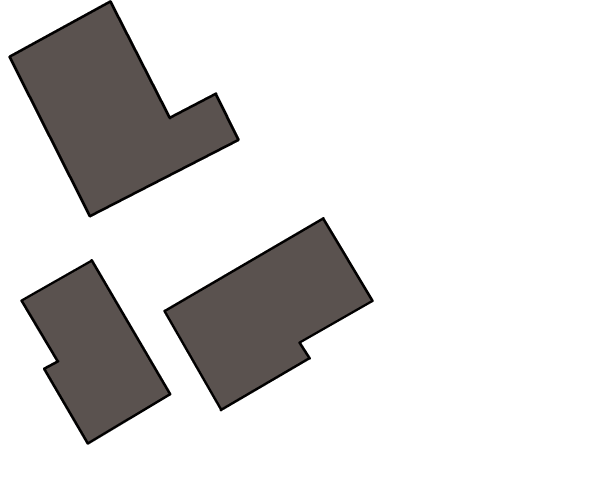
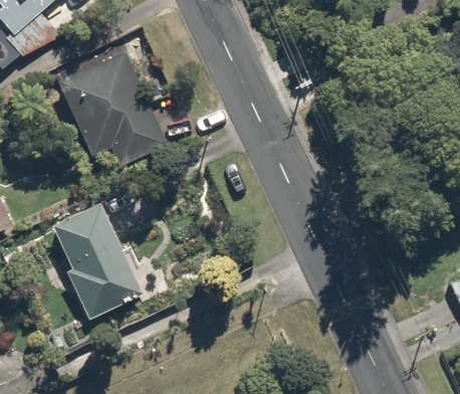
building: [165,218,372,410] -> none

